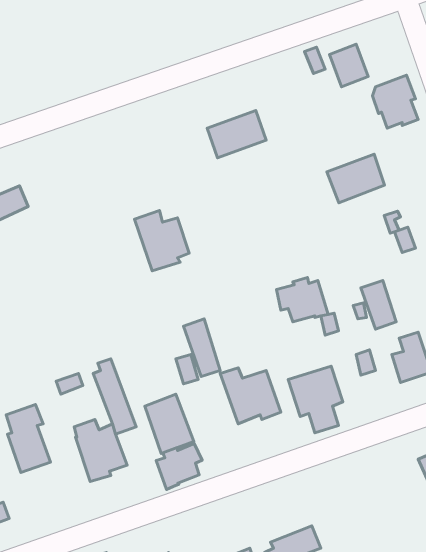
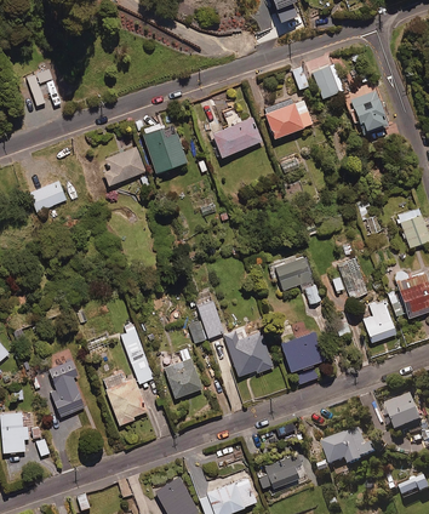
building: none -> [105,147,145,183]
building: [327,154,385,203] -> [264,98,311,138]
building: [135,210,189,271] -> [141,124,185,173]
building: [156,444,202,489] -> none
building: none -> [322,429,378,464]

